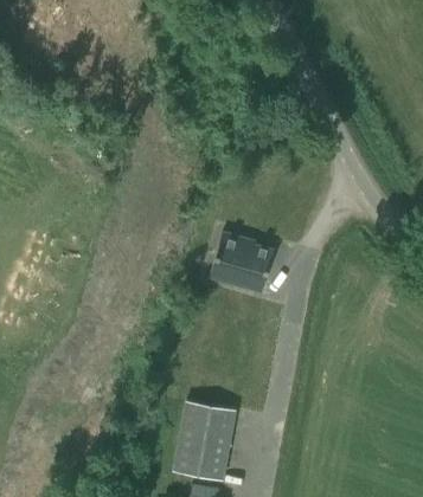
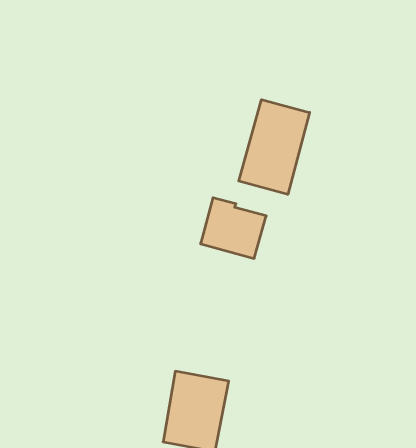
building: none -> [239,100,310,194]

